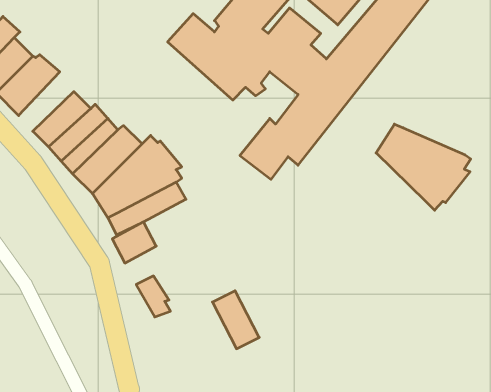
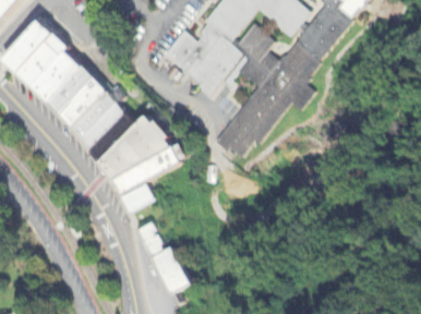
building: none -> [47,67,92,112]
building: [376,124,471,210] -> none
building: [212,291,259,349] -> [153,249,189,293]

